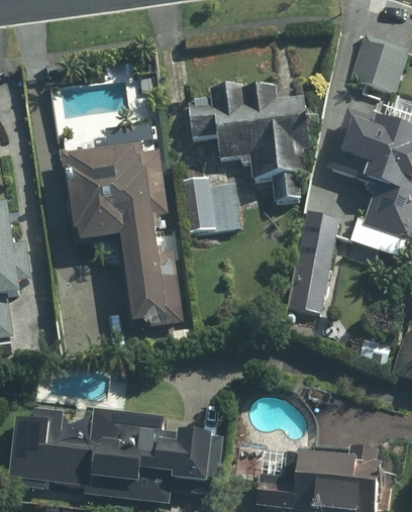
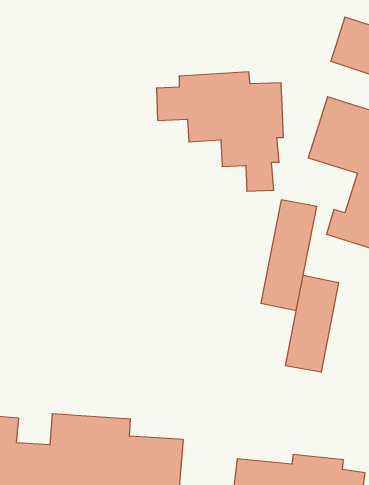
building: [67,144,168,325] -> none
building: [181,178,241,231] -> none
building: none -> [285,275,338,372]

